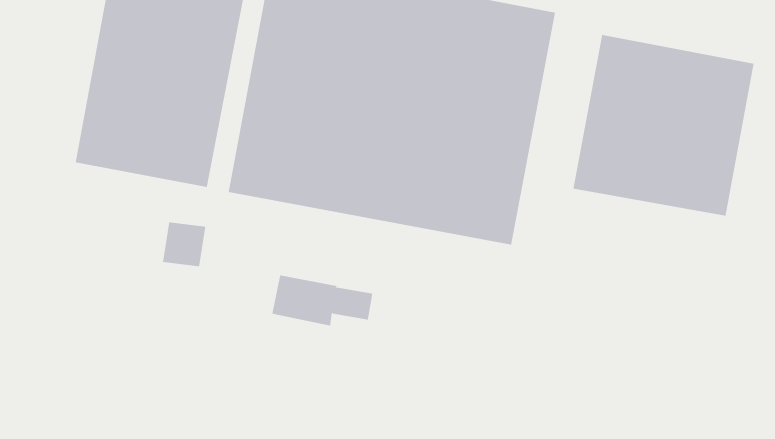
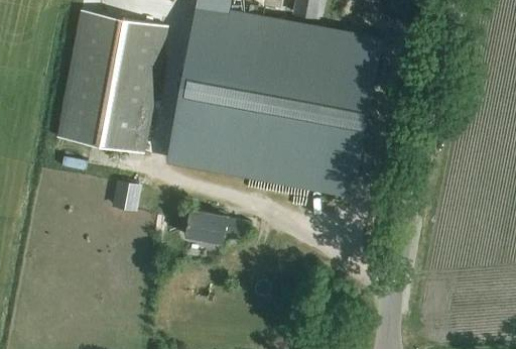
building: [573,34,754,217] -> none

